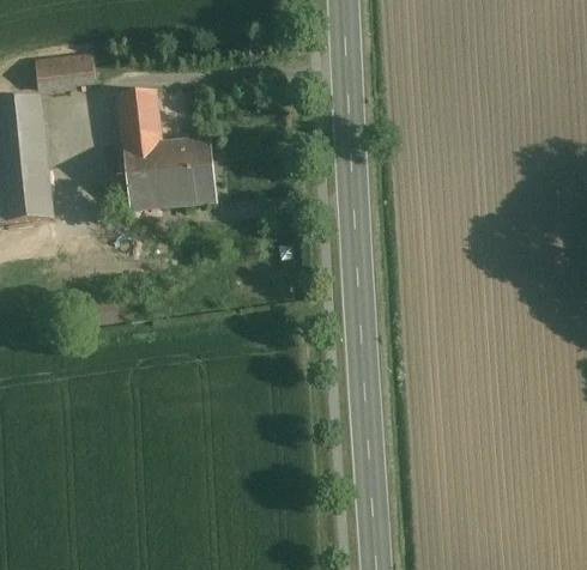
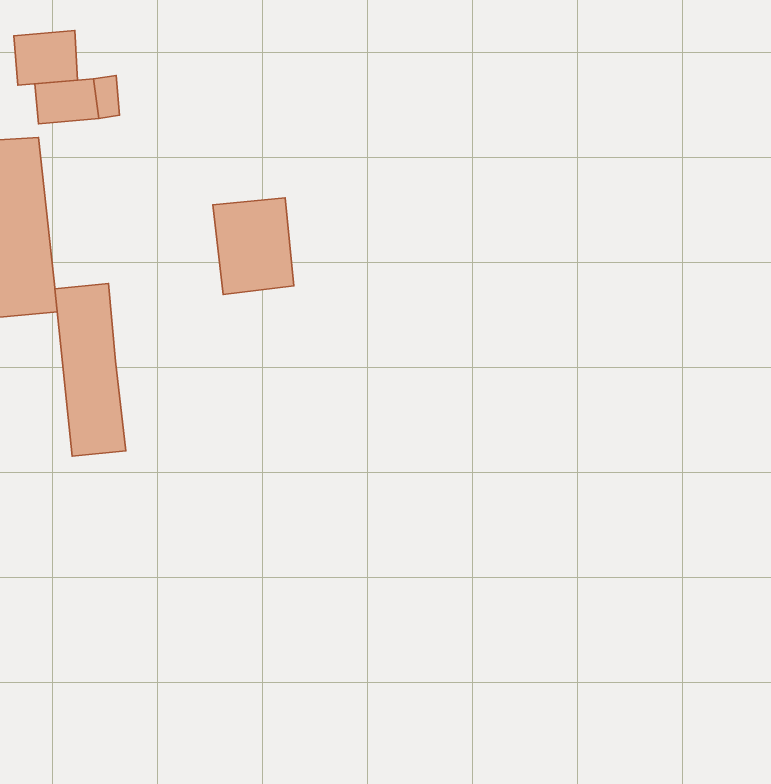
building: none -> [14,30,77,85]
building: [117,89,167,208] -> [55,284,126,456]

